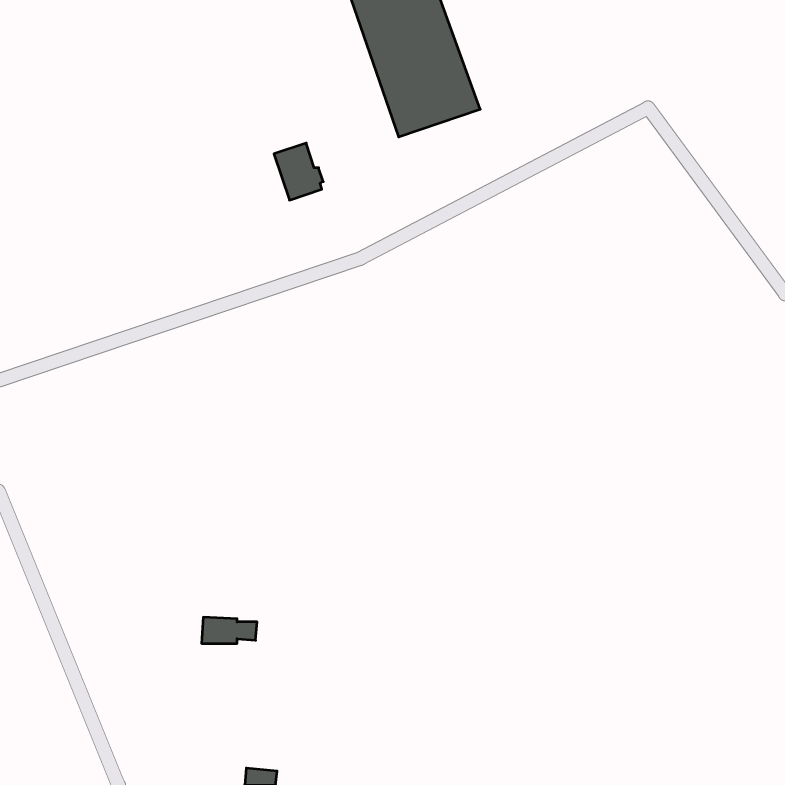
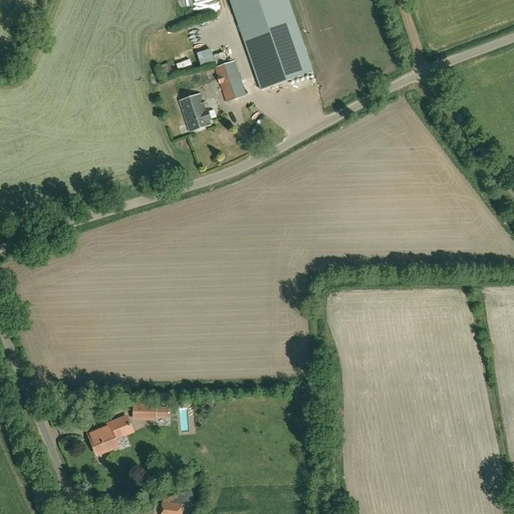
building: none -> [214,60,245,101]
building: none -> [90,420,122,453]

